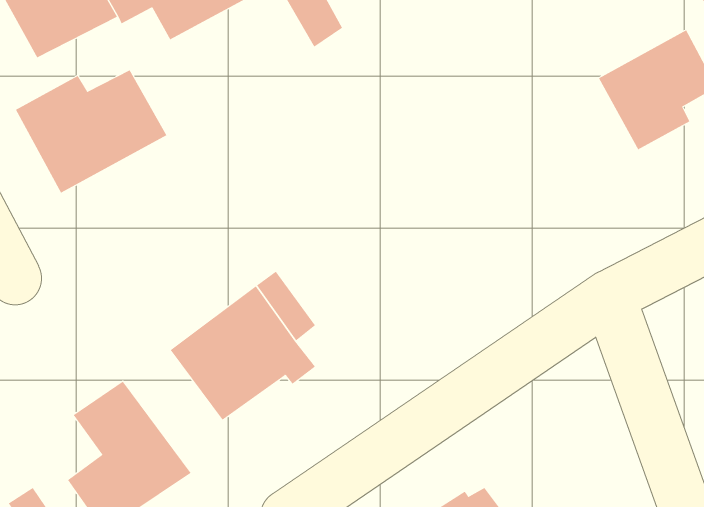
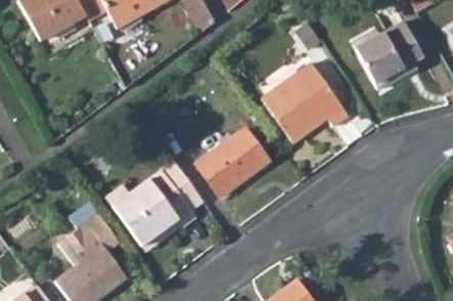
building: [15,69,167,193] -> none
building: none -> [266,61,351,139]
building: none -> [197,128,269,196]

